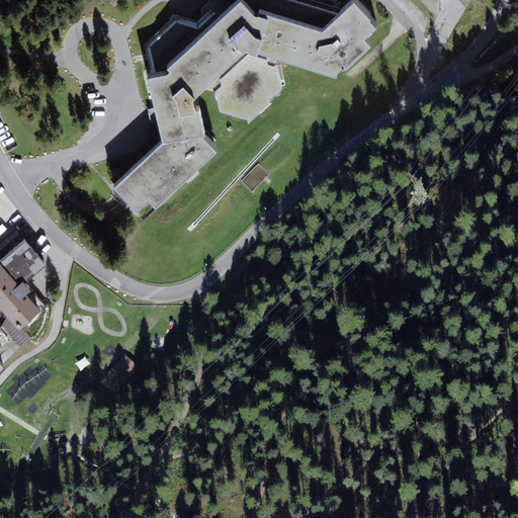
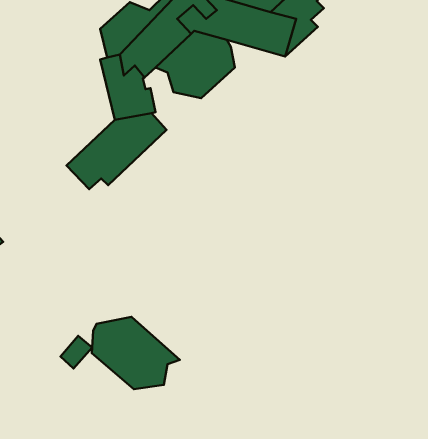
building: none -> [92,317,180,389]

